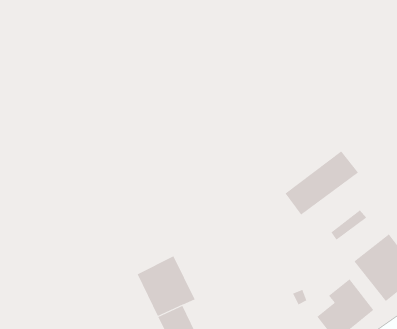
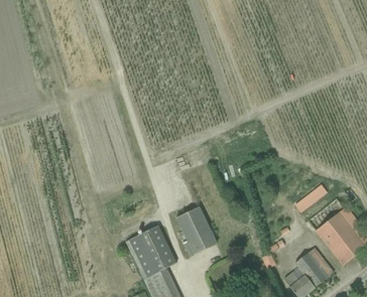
building: [284,151,359,216] -> none
building: none -> [176,205,217,254]

